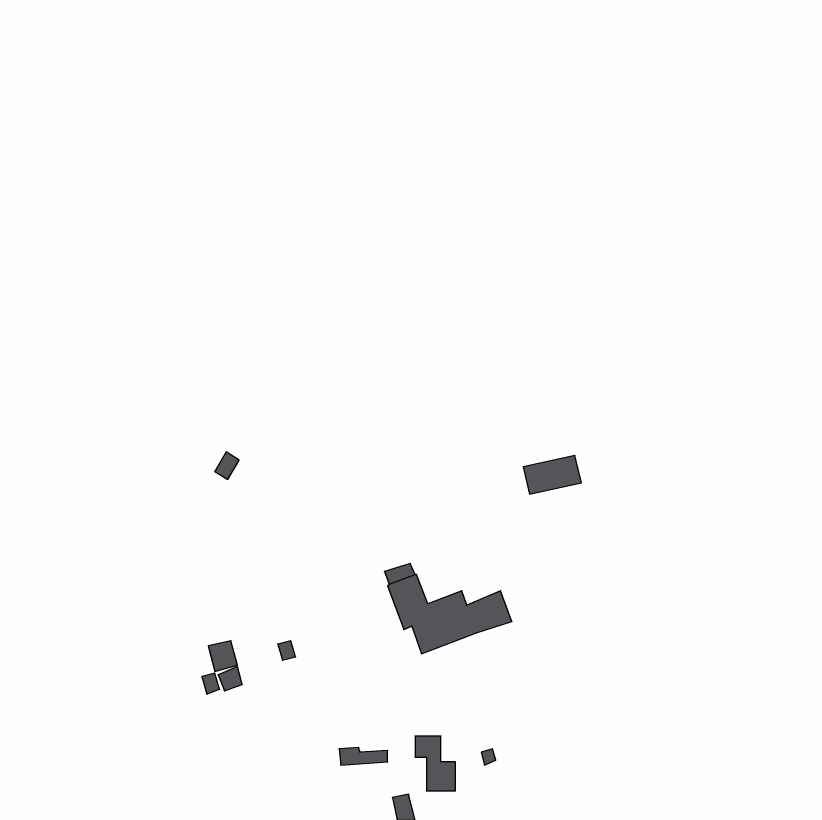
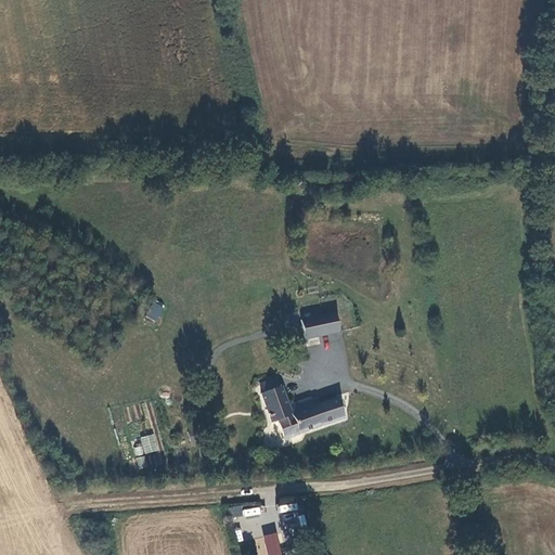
building: [523,455,581,494] -> [301,312,340,338]

